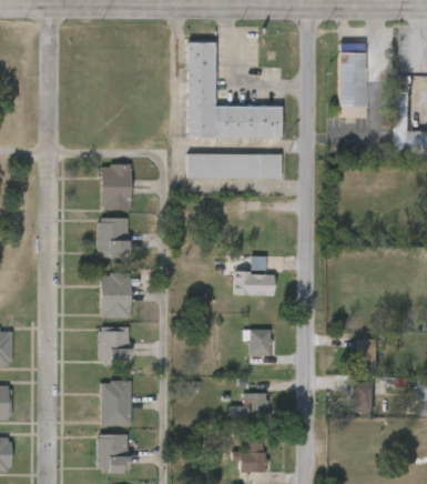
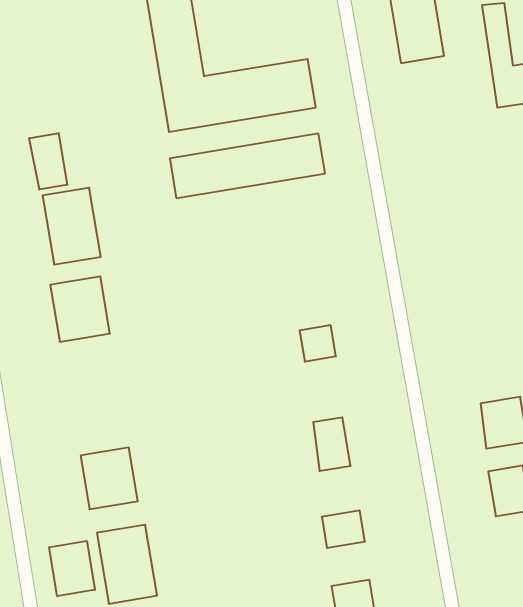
building: none -> [29,133,67,190]
building: [102,272,131,317] -> none
building: none -> [49,541,95,596]

